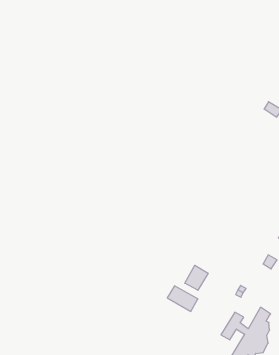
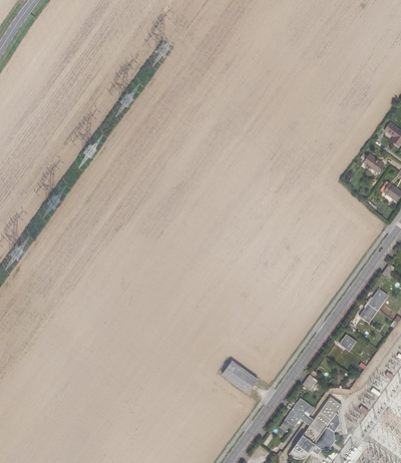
building: [185,265,208,290] -> none

